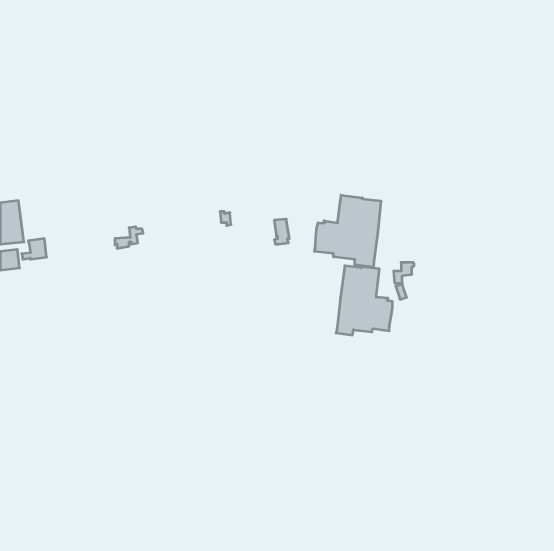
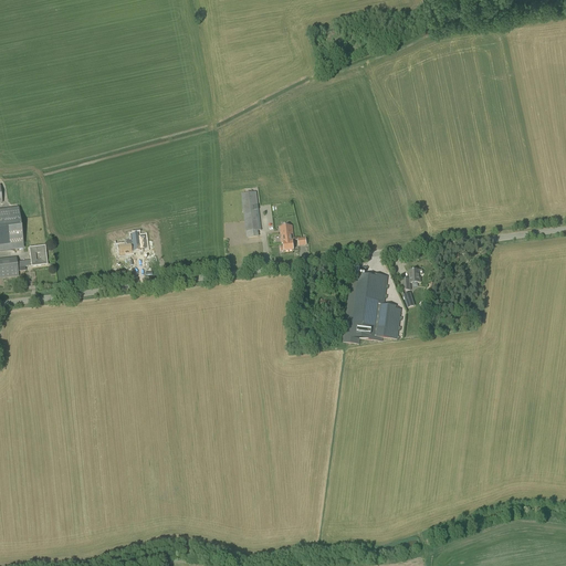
building: none -> [241,189,261,229]
building: [314,195,381,267] -> none

